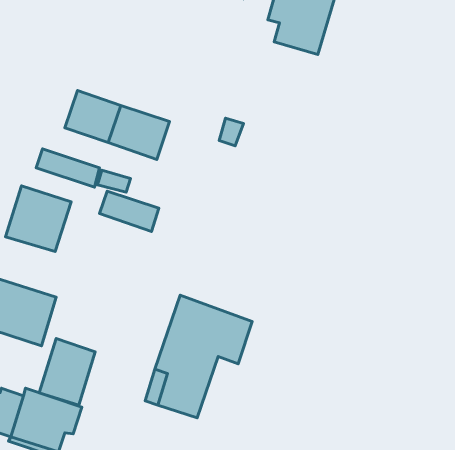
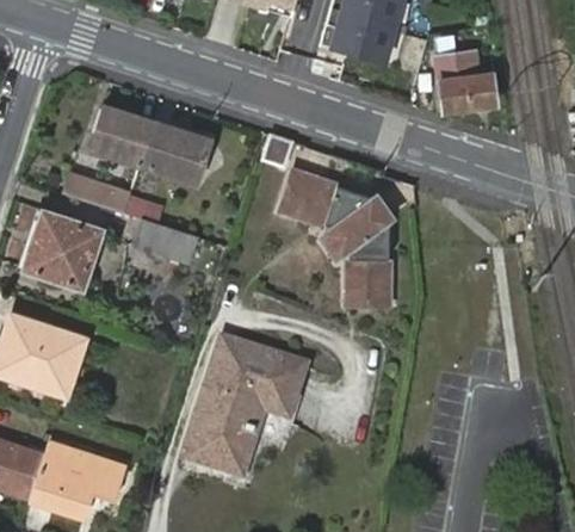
building: none -> [438,50,497,110]
building: none -> [277,173,391,310]
building: [39,339,95,405] -> none

